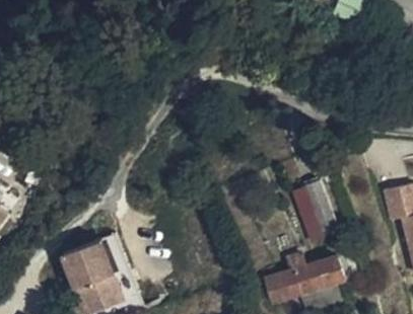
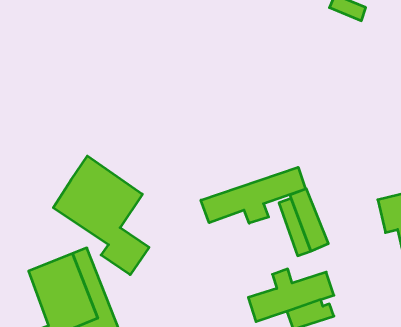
building: none -> [53,156,149,275]
building: none -> [201,167,306,223]

